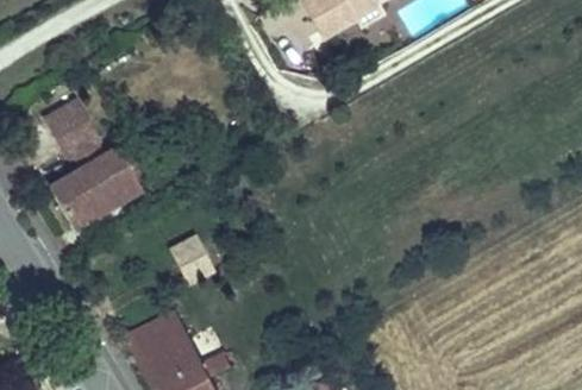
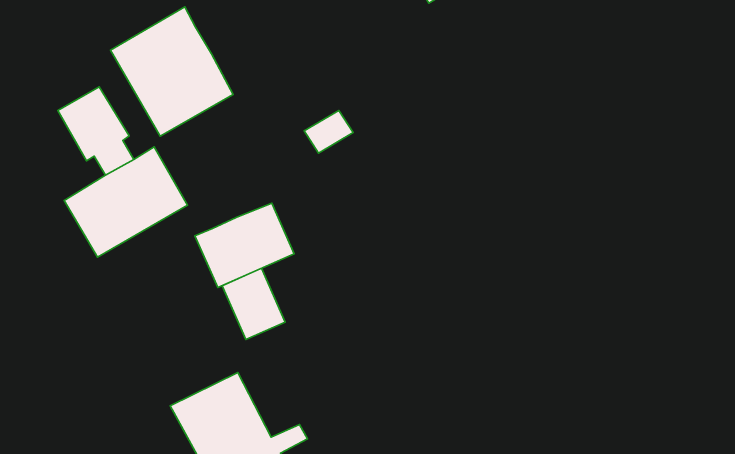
building: none -> [111,7,233,136]
building: none -> [195,203,294,288]

